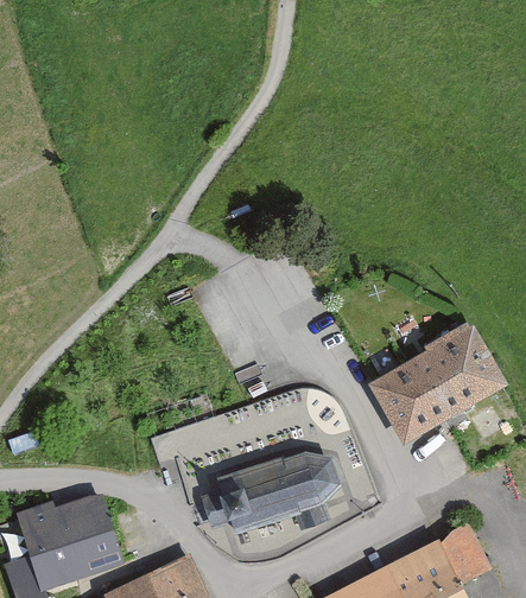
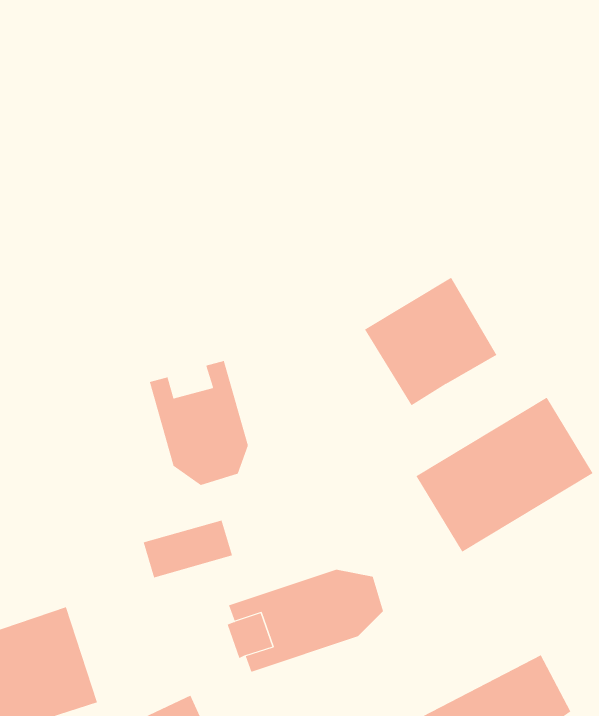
building: none -> [364,277,497,406]
building: none -> [149,360,248,486]

